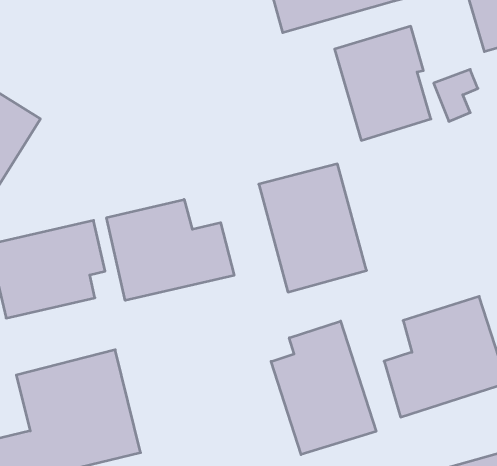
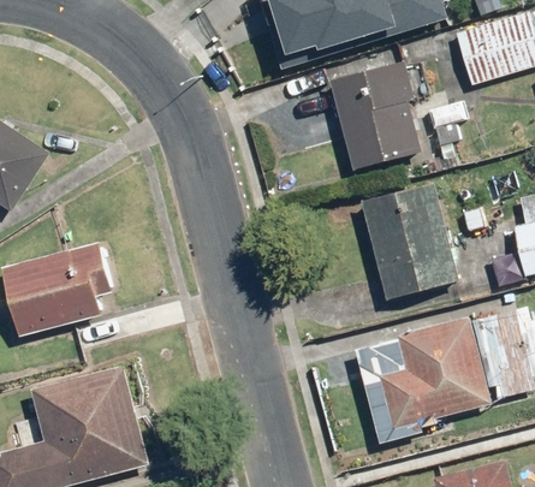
building: [259,164,367,292] -> [359,178,462,299]
building: [107,199,234,300] -> none
building: [271,321,376,455] -> none

